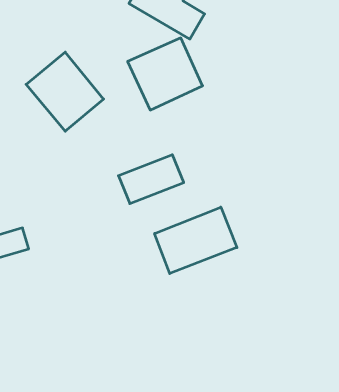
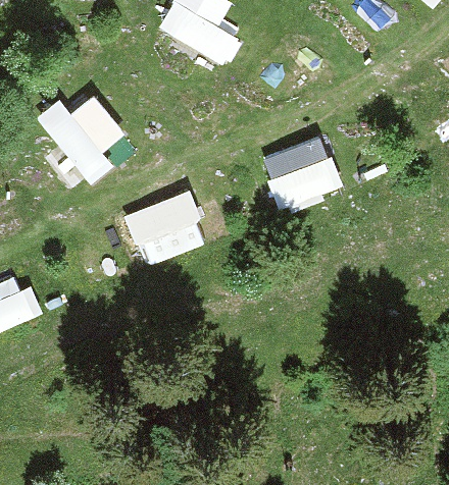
building: [128,38,203,110] -> [257,131,345,216]
building: [155,207,237,274] -> none

